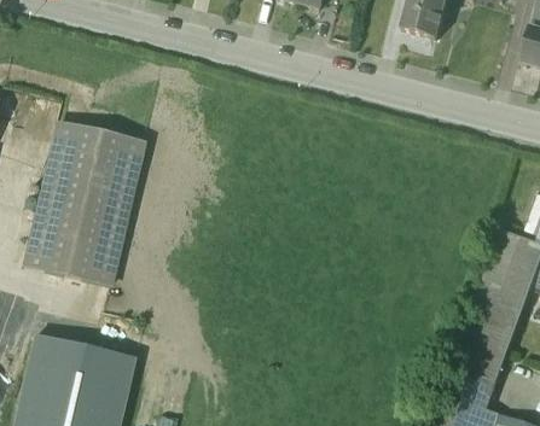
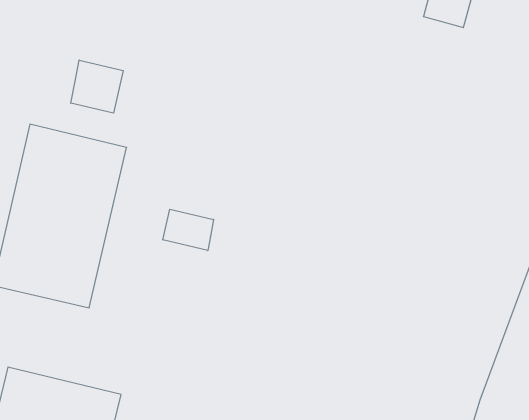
building: none -> [71,60,123,113]
building: none -> [163,209,214,251]

